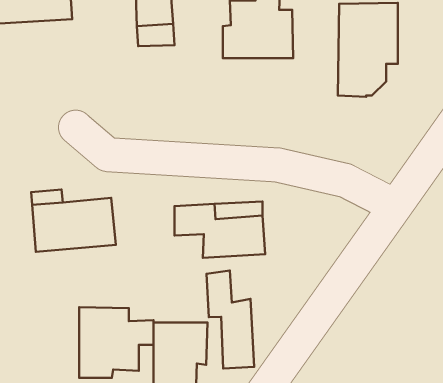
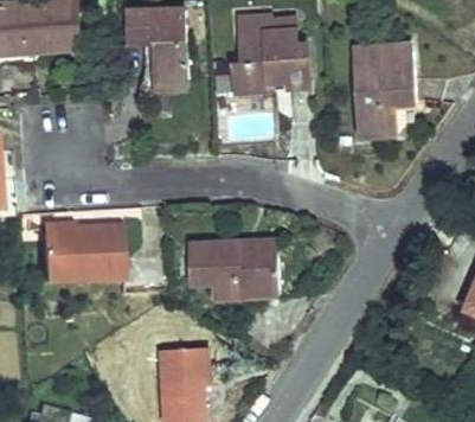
building: [206,271,254,368] -> none
building: [79,307,153,378] -> none

